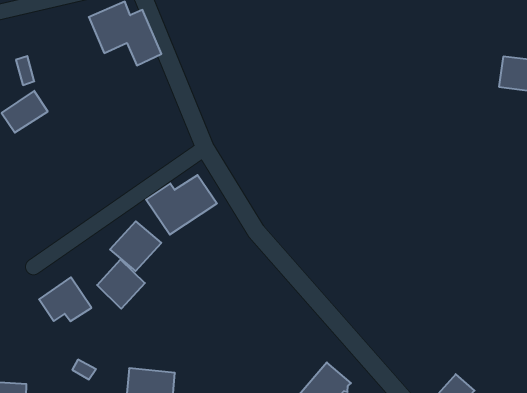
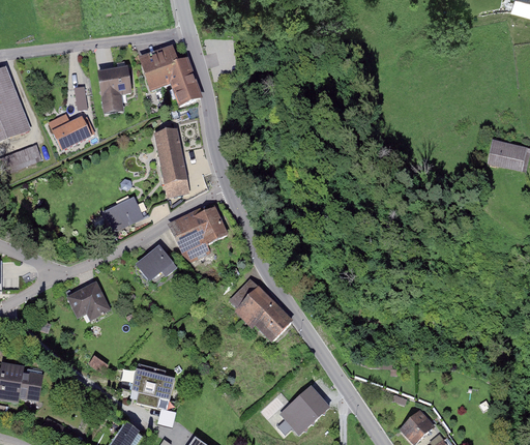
building: none -> [100,66,135,113]
building: none -> [154,127,186,191]
building: none -> [100,192,142,230]
building: none -> [233,286,292,342]
building: [97,259,145,309] -> none

